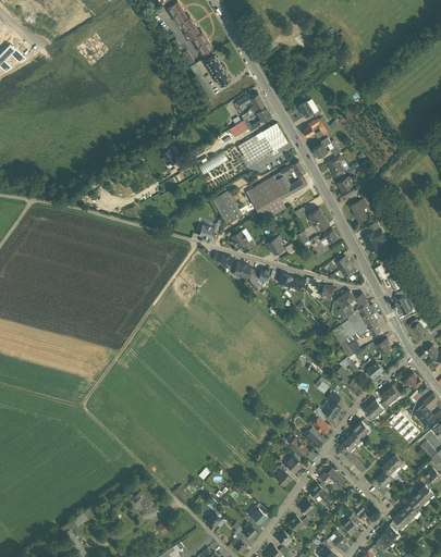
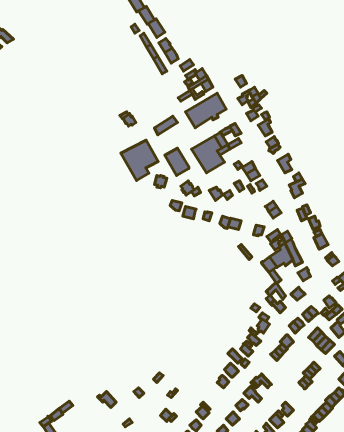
building: none -> [121,140,158,180]

